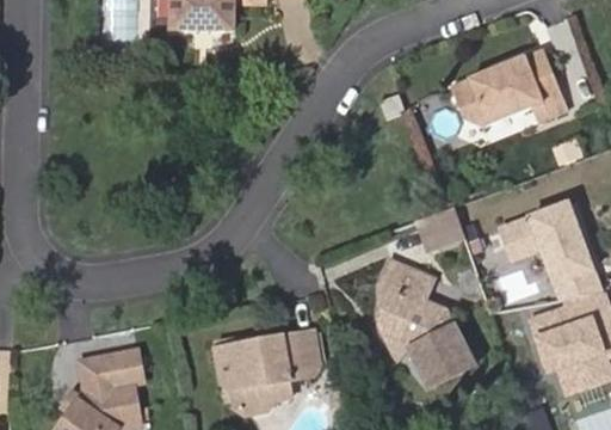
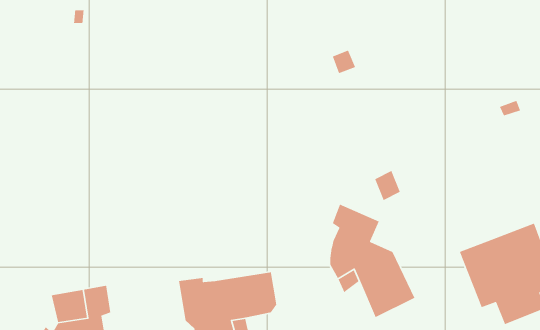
building: [451,47,568,127] -> none
building: [494,198,597,296] -> none

